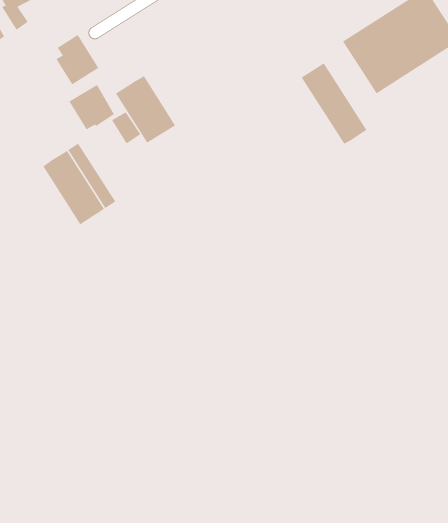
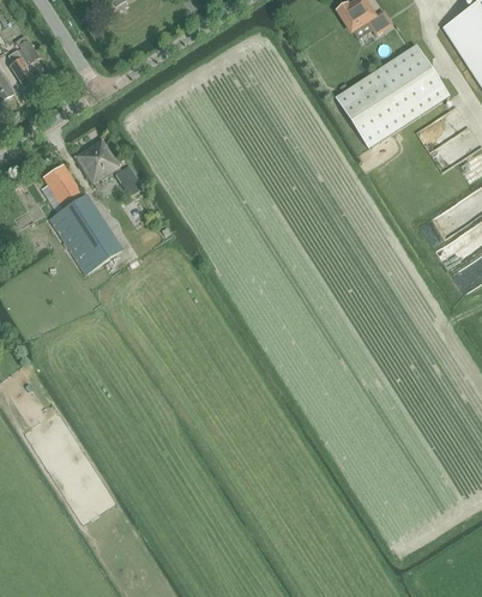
building: [56,34,99,85] -> [41,161,83,210]
building: [301,63,367,145] -> none
building: [115,75,176,144] -> none

